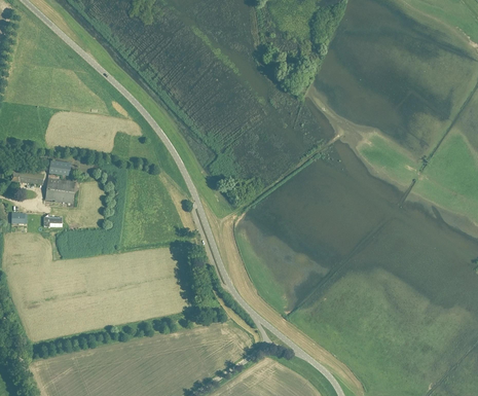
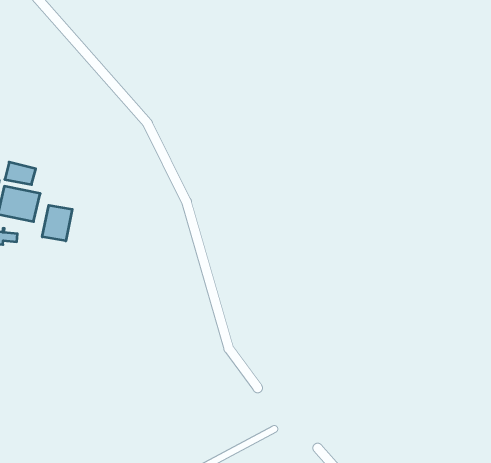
building: none -> [42,205,72,241]

